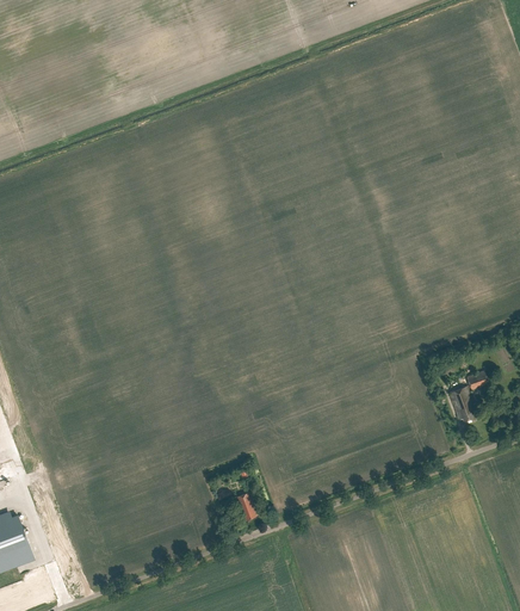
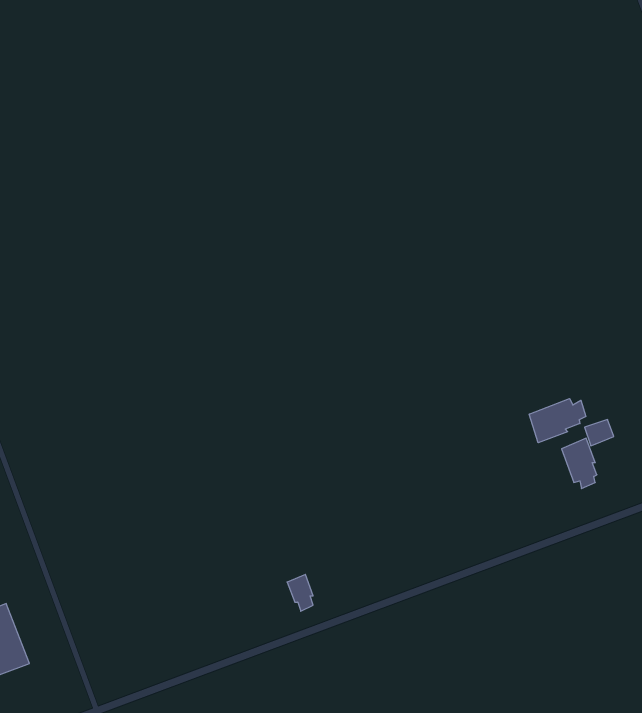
building: none -> [529,399,586,443]

